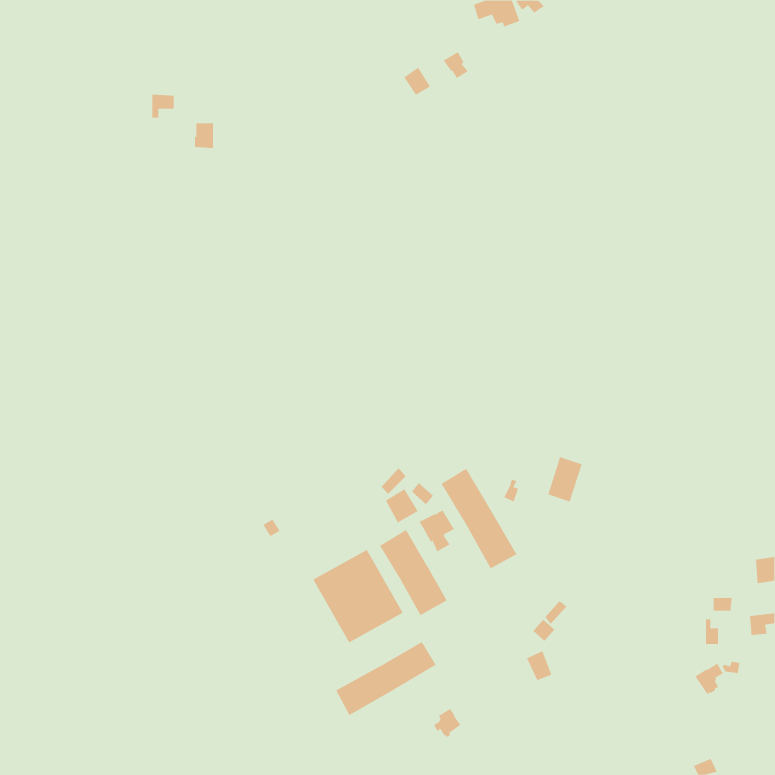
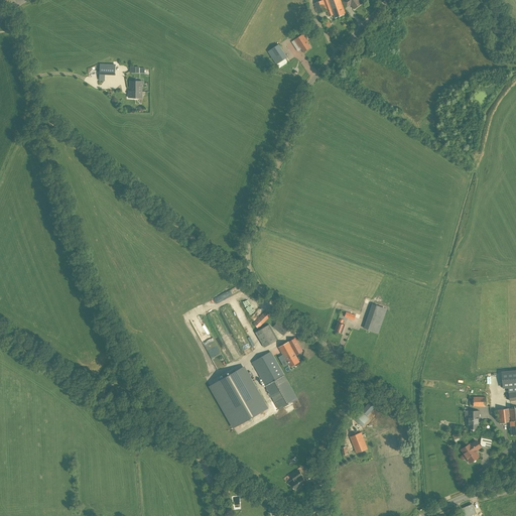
building: [441,468,517,569] -> none
building: [336,641,437,716] -> none

